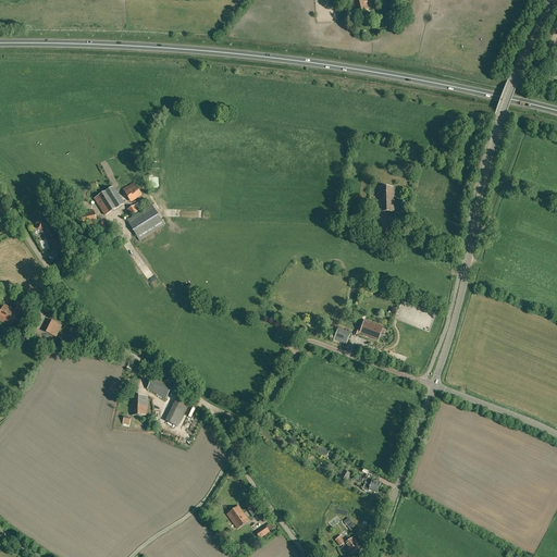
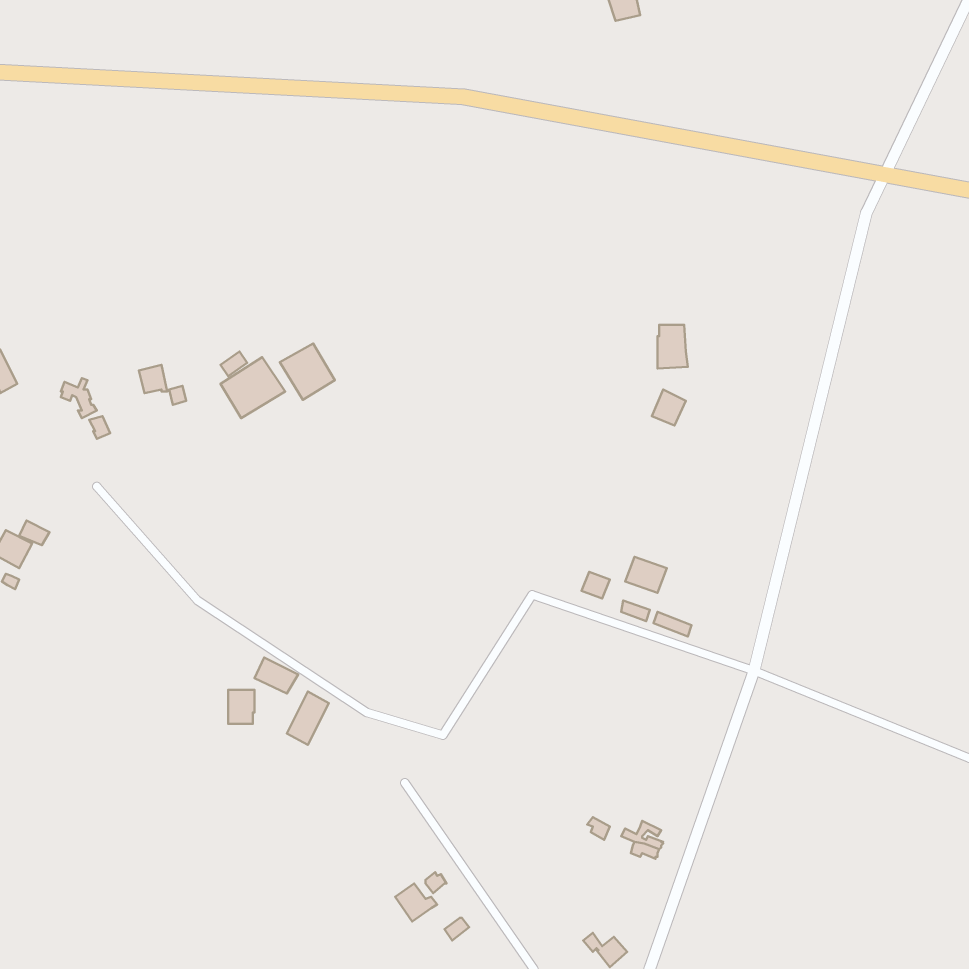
building: [94,187,123,214] -> none
building: none -> [280,343,335,400]

